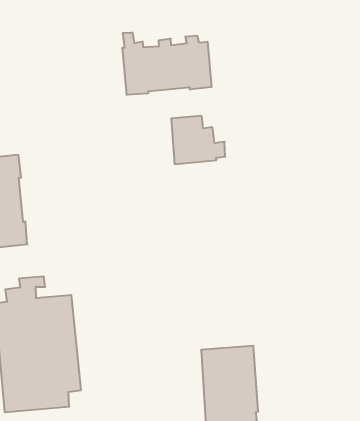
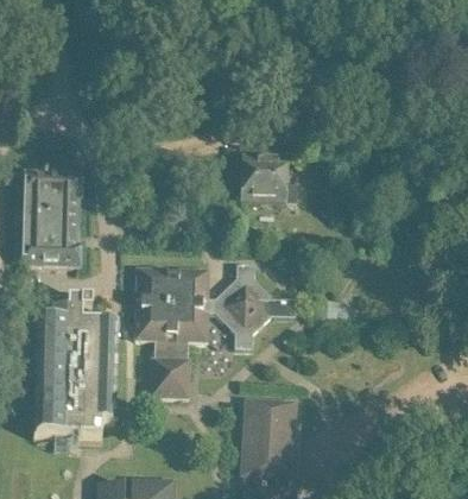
building: [123,32,211,95] -> none
building: none -> [134,263,296,398]

